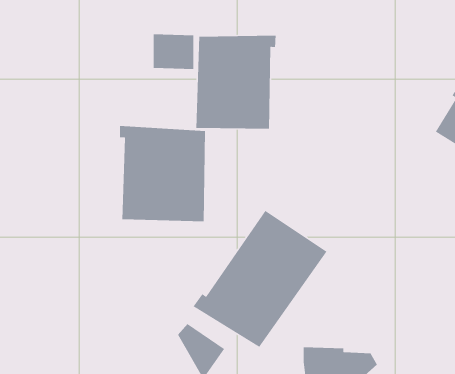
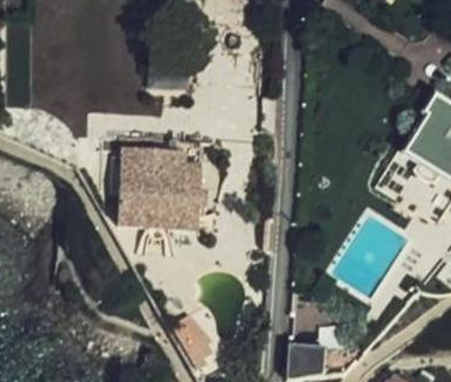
building: [196,35,276,129] -> none
building: [192,210,327,348] -> none

